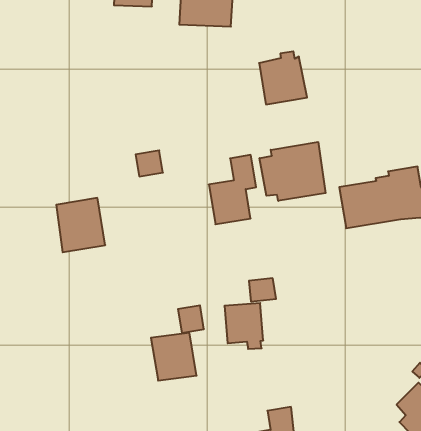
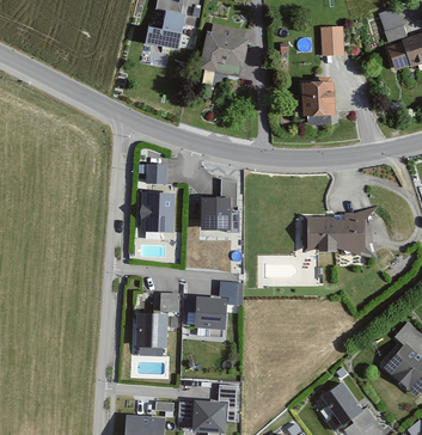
building: [259,51,307,104] -> [301,78,335,116]
building: [260,142,326,201] -> none
building: [56,198,105,252] -> [140,192,175,231]

